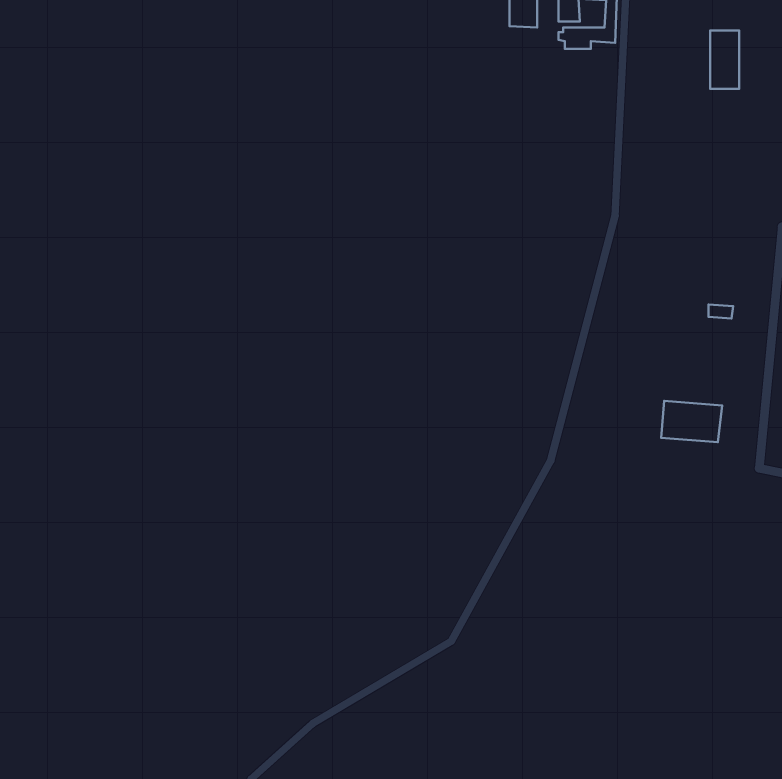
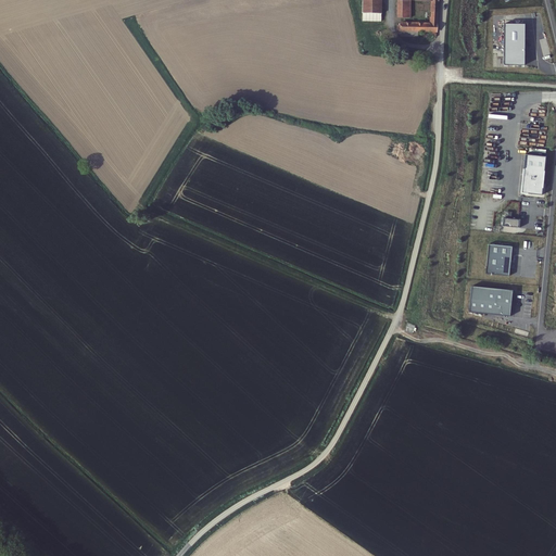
building: none -> [521,152,545,193]
building: none -> [485,242,513,274]

